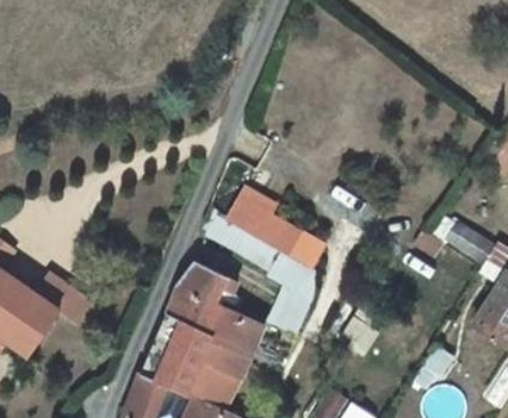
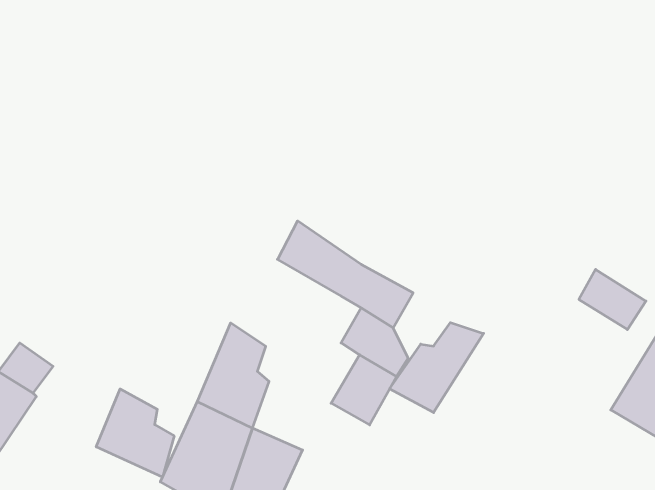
building: none -> [390,323,484,413]
building: [211,304,261,353] -> none
building: none -> [96,389,174,477]

